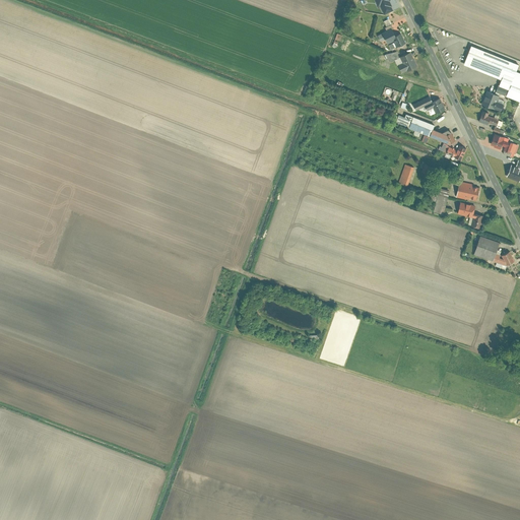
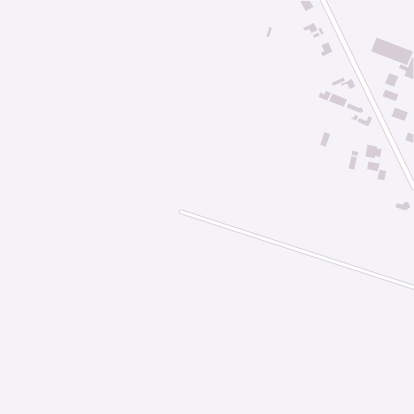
building: [474,237,500,261] -> none

